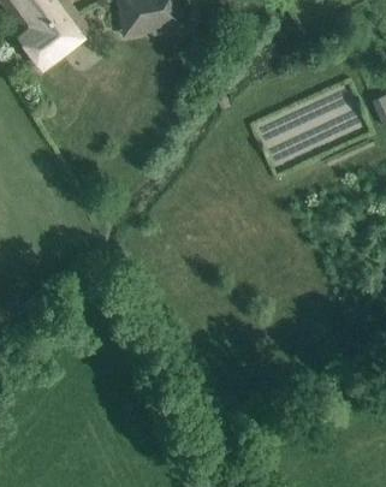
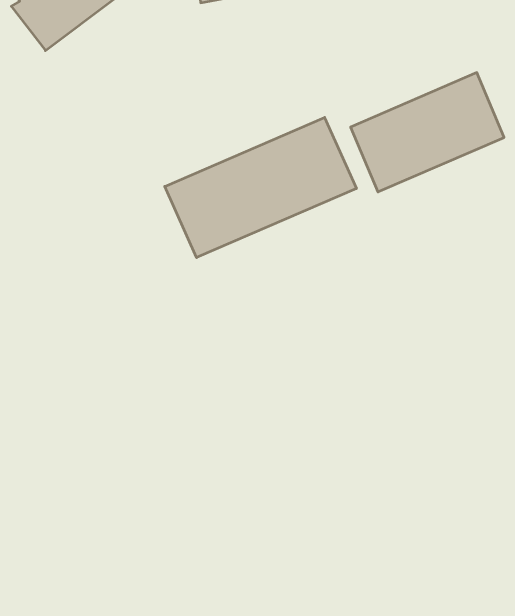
building: none -> [165,117,356,258]

